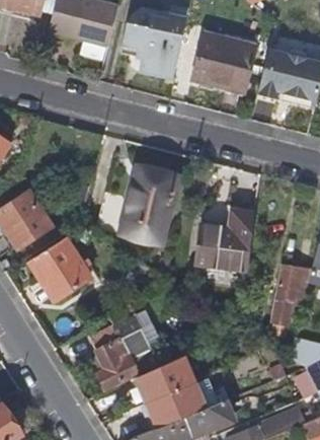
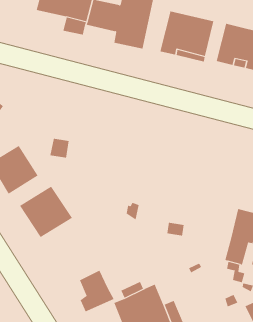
building: [95,166,178,242] -> none
building: [195,209,254,270] -> none
building: [86,312,161,358] -> none

